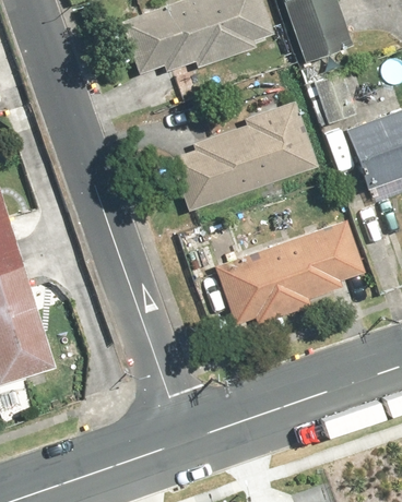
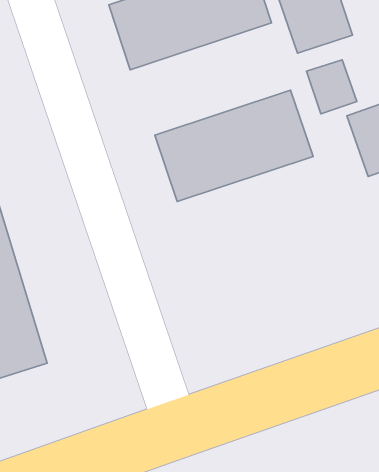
building: [213,218,367,326] -> none

